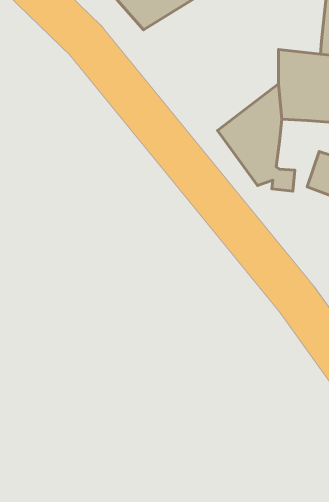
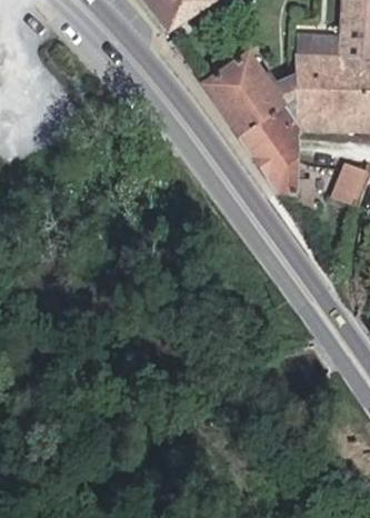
building: none -> [201,46,297,131]

